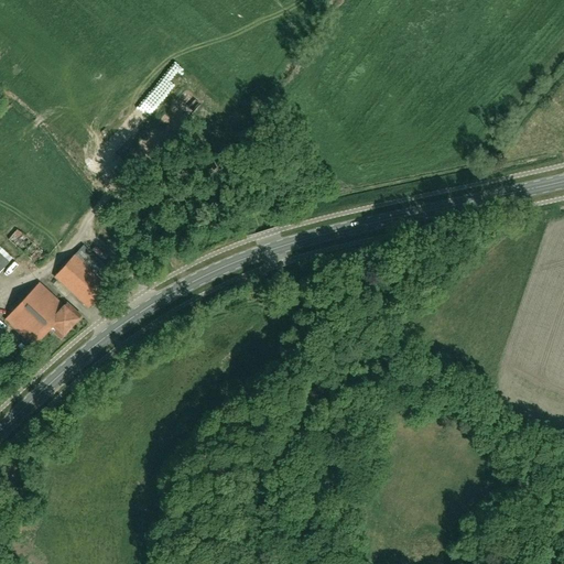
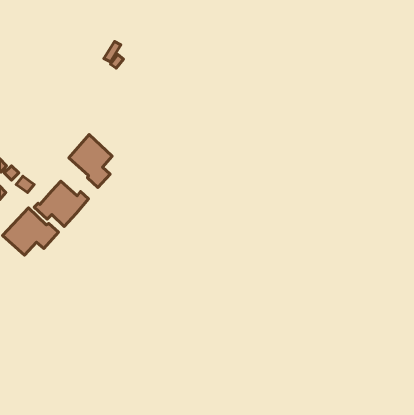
building: none -> [69,134,112,187]

